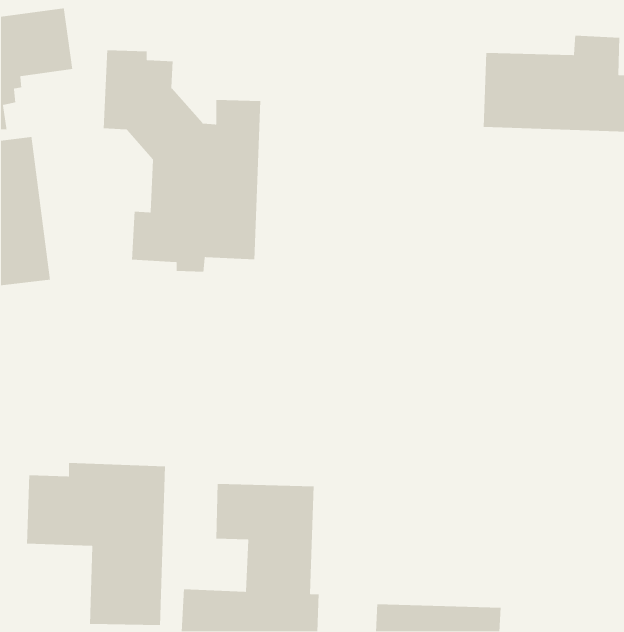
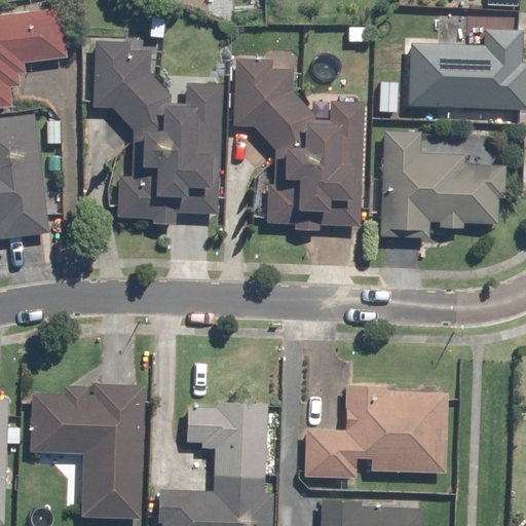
building: none -> [234,58,364,231]
building: none -> [380,129,506,238]
building: none -> [303,383,449,481]

